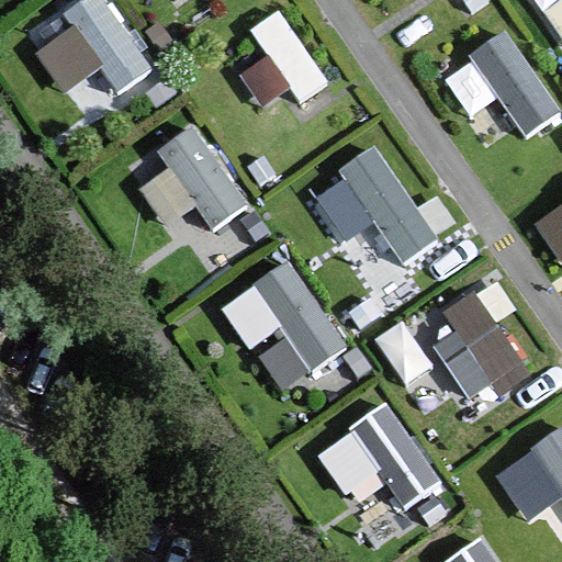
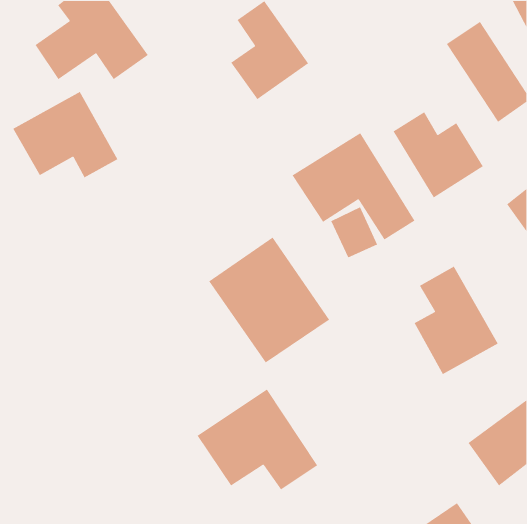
building: none -> [392,111,484,198]
building: [135,134,247,226] -> [12,91,119,178]
building: [314,403,442,510] -> [196,388,318,491]

